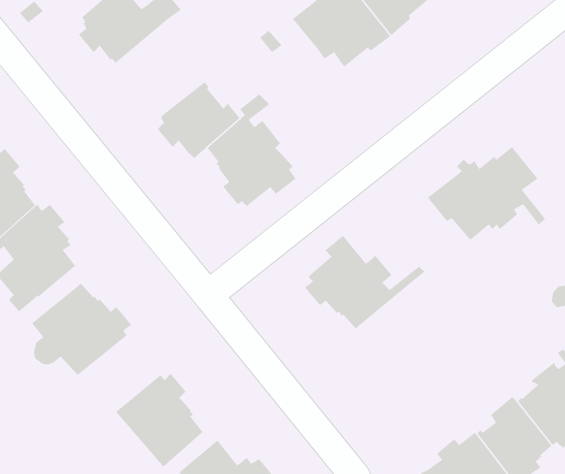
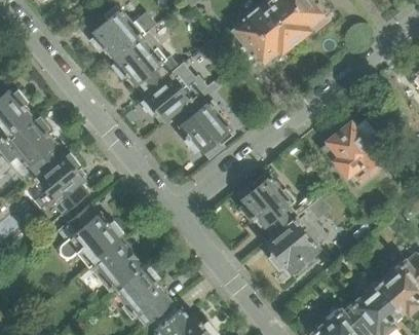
building: none -> [110,30,179,94]
building: none -> [264,197,330,275]
building: none -> [88,239,143,290]

